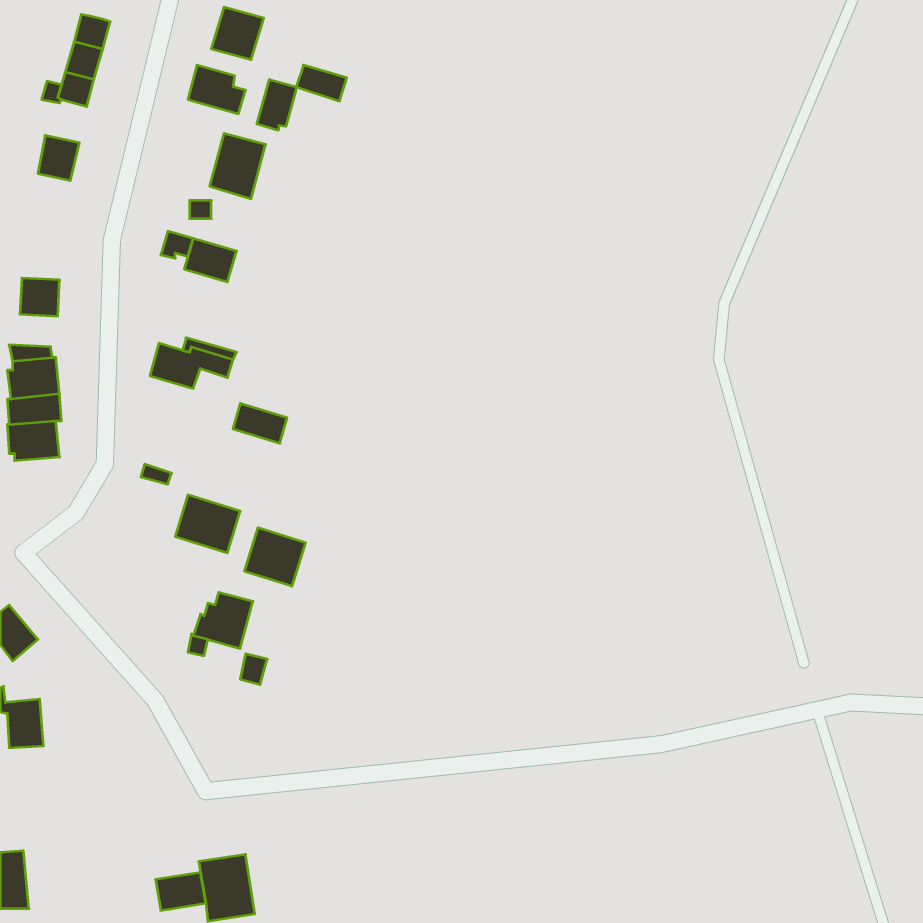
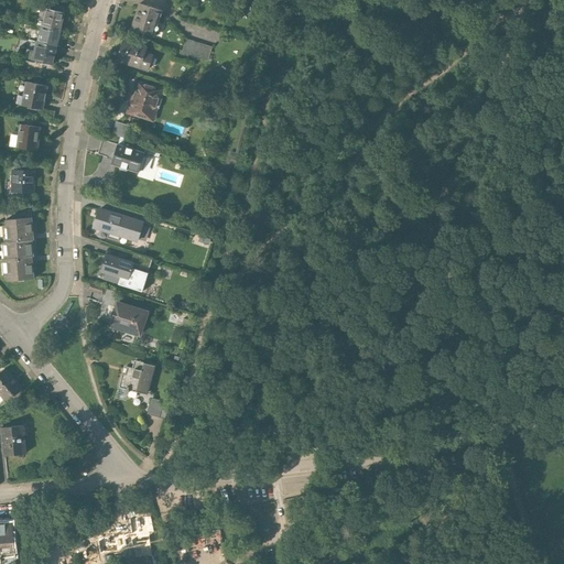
building: [257,79,296,130] -> none
building: none -> [17,124,42,151]
building: [233,403,287,443] -> [100,256,133,280]
building: [245,528,305,586] -> none

